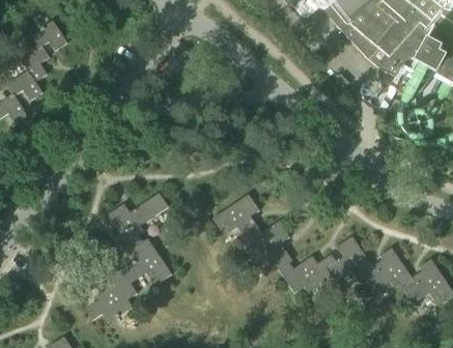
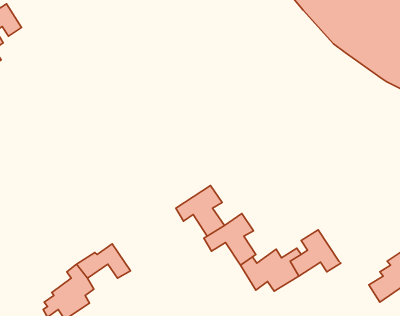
building: [108,191,169,259] -> none
building: [361,245,415,292] -> none

